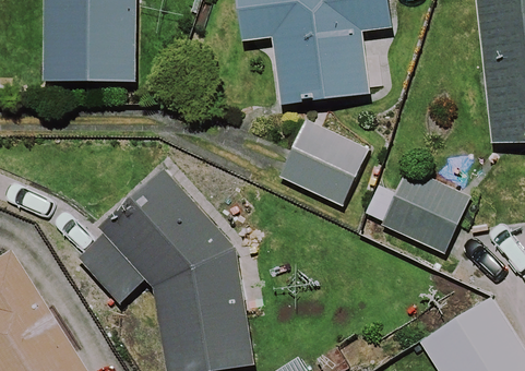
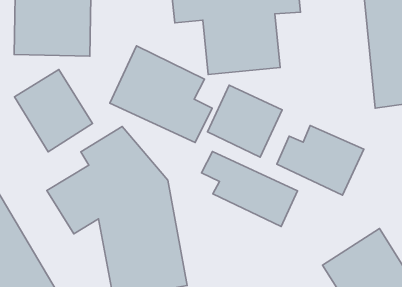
building: none -> [110,46,212,143]
building: none -> [15,69,92,152]
building: none -> [202,151,298,227]

